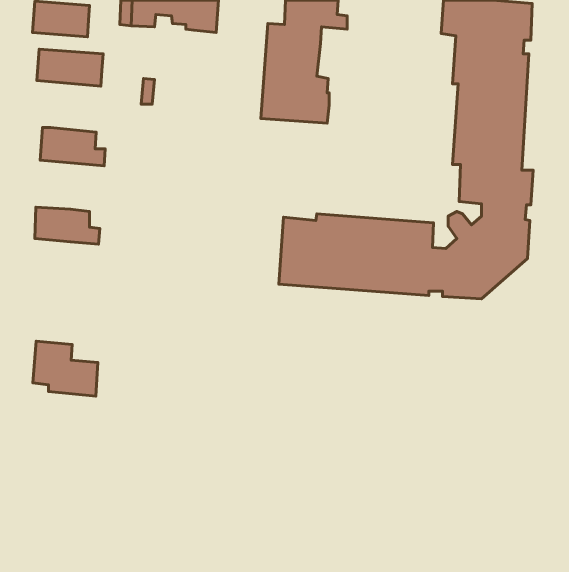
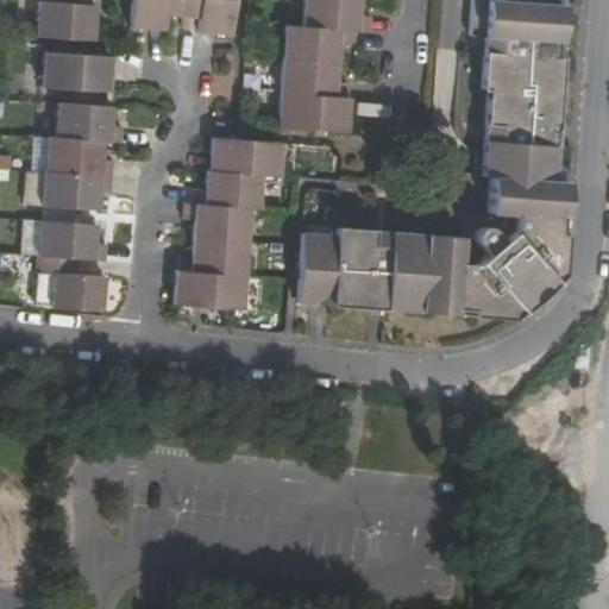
building: none -> [57,106,125,142]
building: none -> [175,137,287,310]
building: none -> [44,170,114,209]
building: [33,341,98,396] -> [37,253,106,312]

